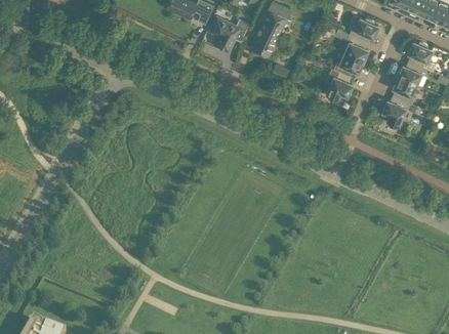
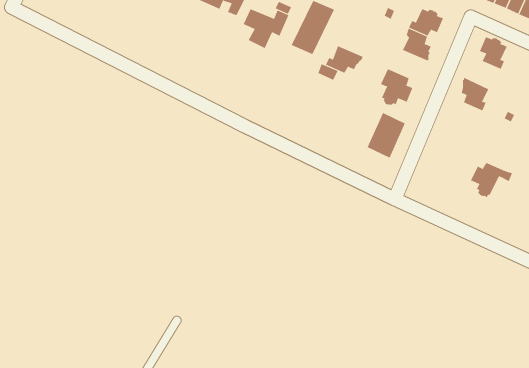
building: [331,51,363,75] -> [325,45,363,74]
building: [393,60,424,84] -> none
building: [379,95,415,125] -> [470,162,513,198]
building: none -> [367,112,406,159]

